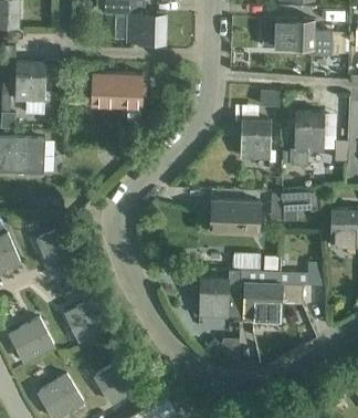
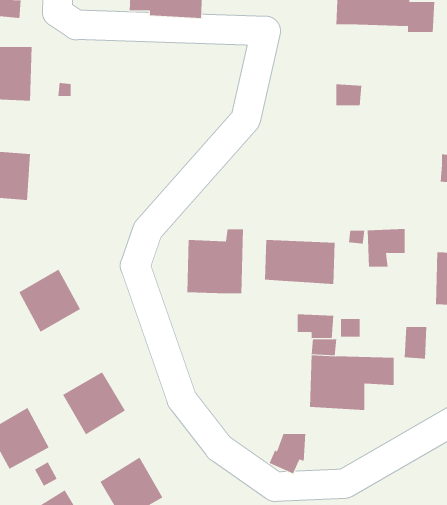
building: [92,72,141,108] -> none
building: [289,113,323,165] -> none
building: [241,121,270,158] -> none
building: [199,270,240,316] -> [186,229,244,294]

